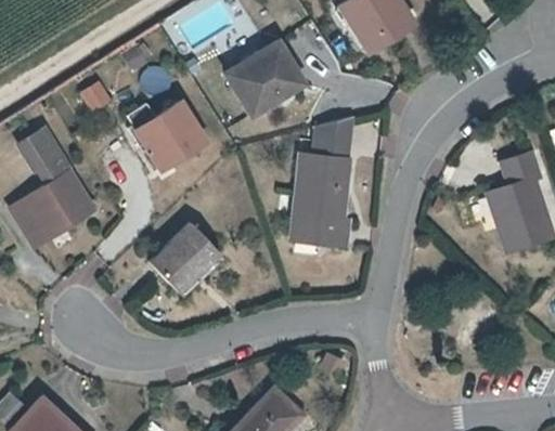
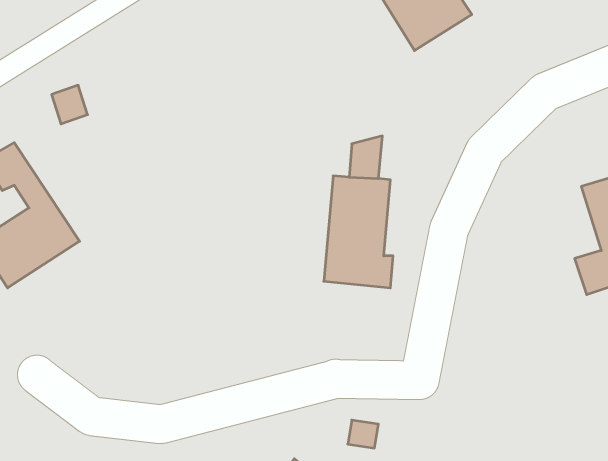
building: [228,41,301,110] -> none
building: [128,100,203,168] -> none
building: [151,226,216,295] -> none

